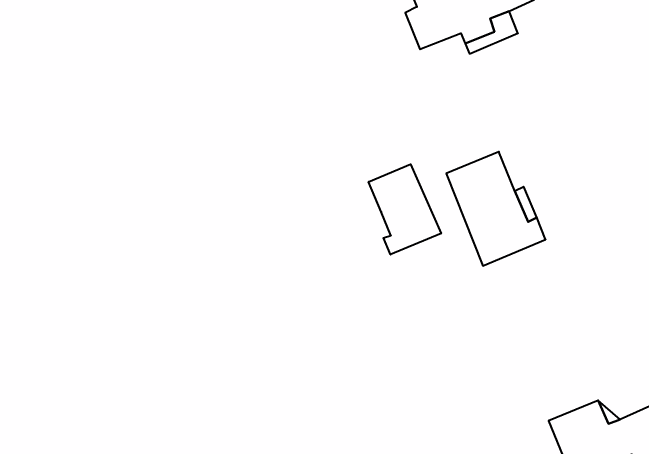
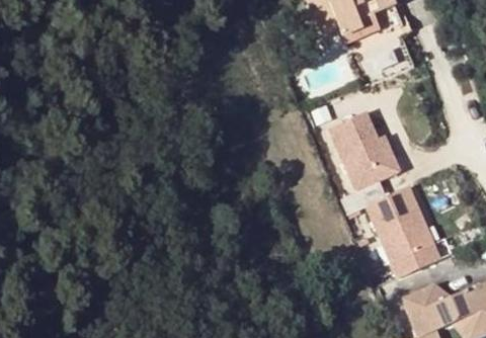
building: [369,164,441,255] -> none
building: none -> [370,185,439,275]

